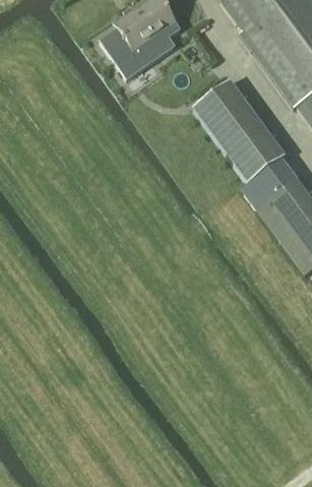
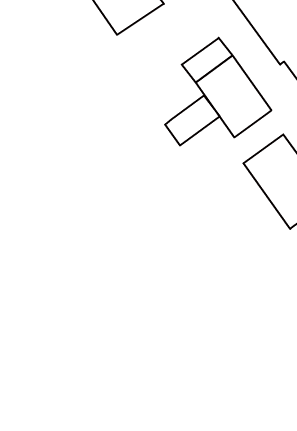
building: [240,157,296,207] -> [165,96,220,145]

